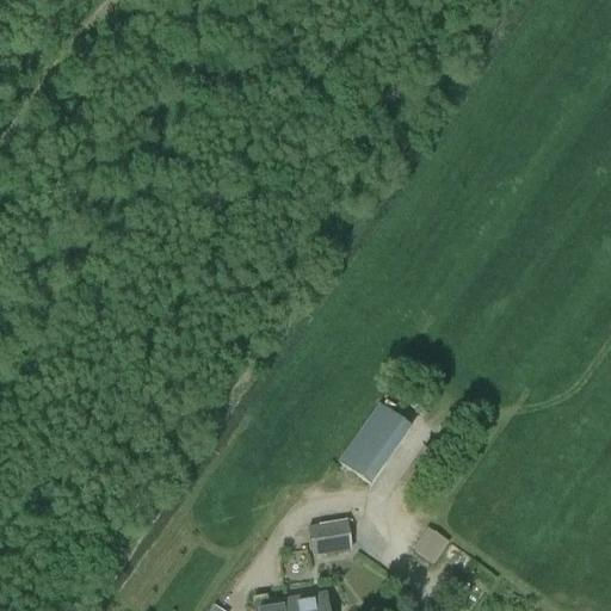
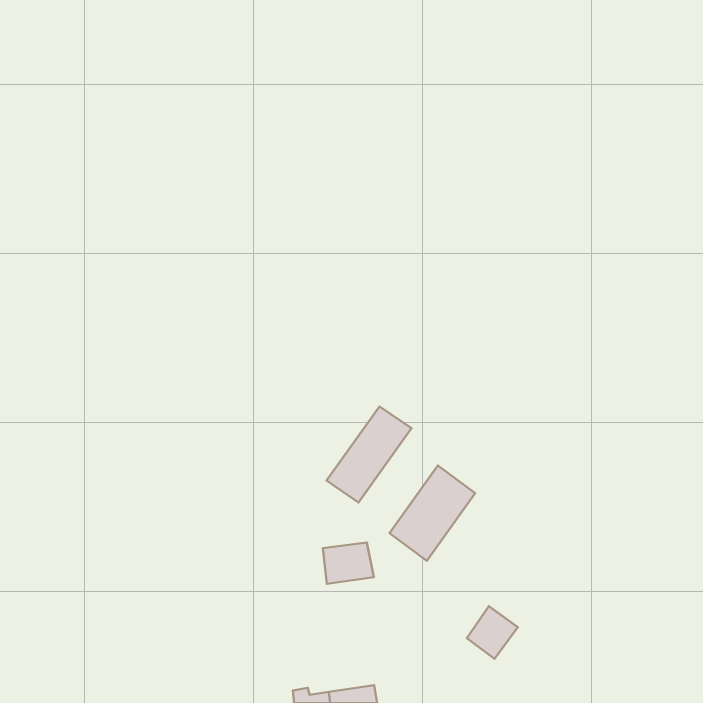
building: none -> [326,406,412,502]
building: [309,520,353,556] -> [323,543,374,584]

